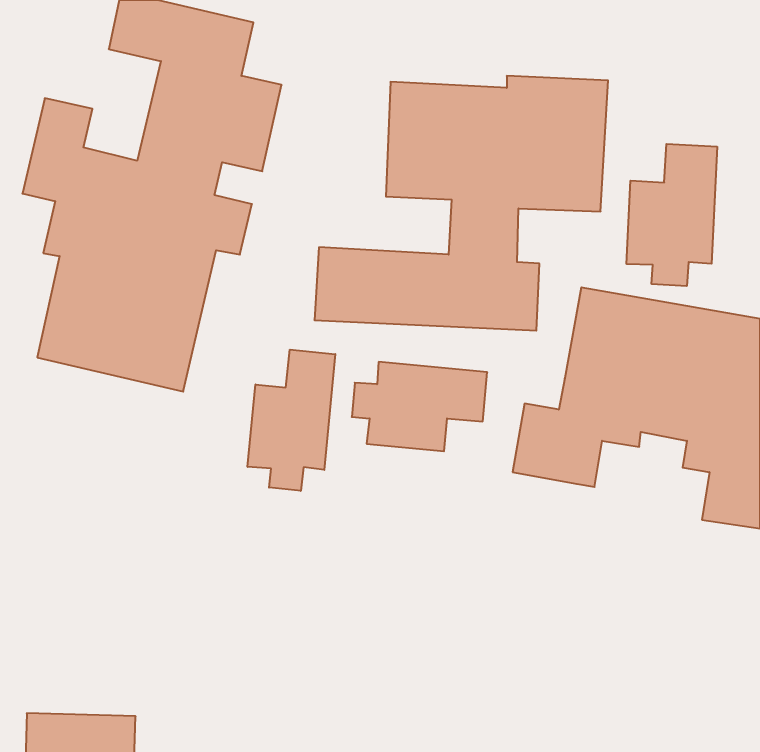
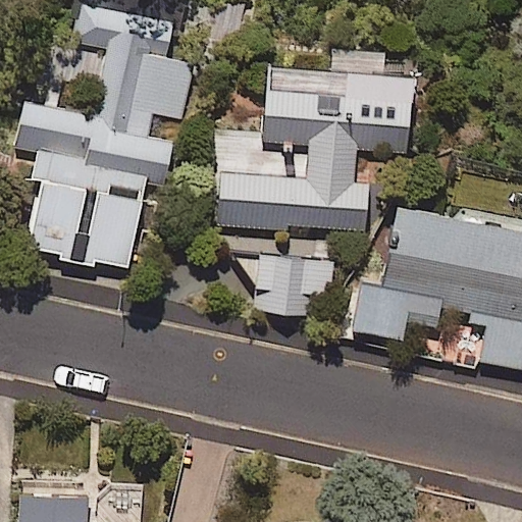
building: [627,144,717,286] -> none
building: [248,350,335,491] -> none

